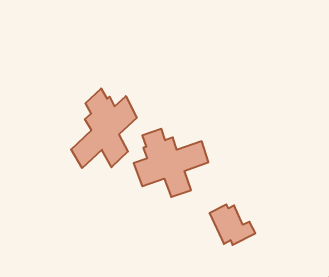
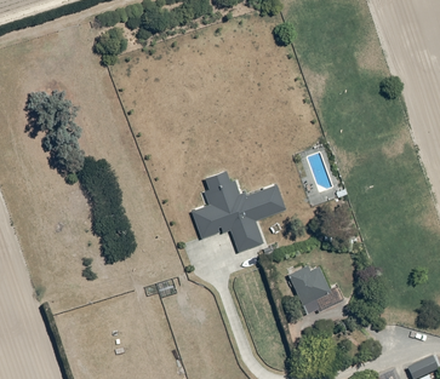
building: [71,88,137,168] -> none

